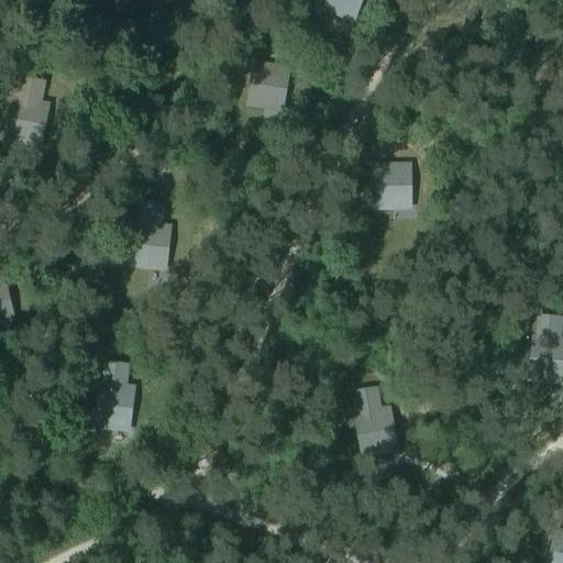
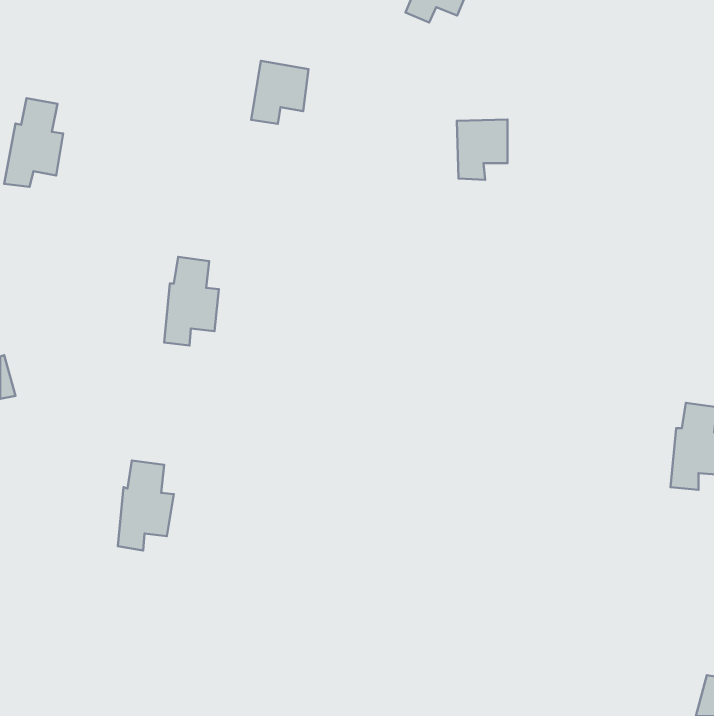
building: [247,62,292,111] -> [251,61,309,124]
building: [374,164,413,211] -> [457,120,507,180]
building: [354,387,398,460] -> none

